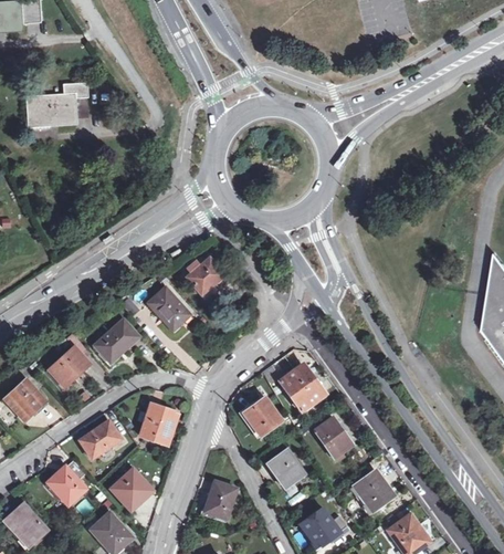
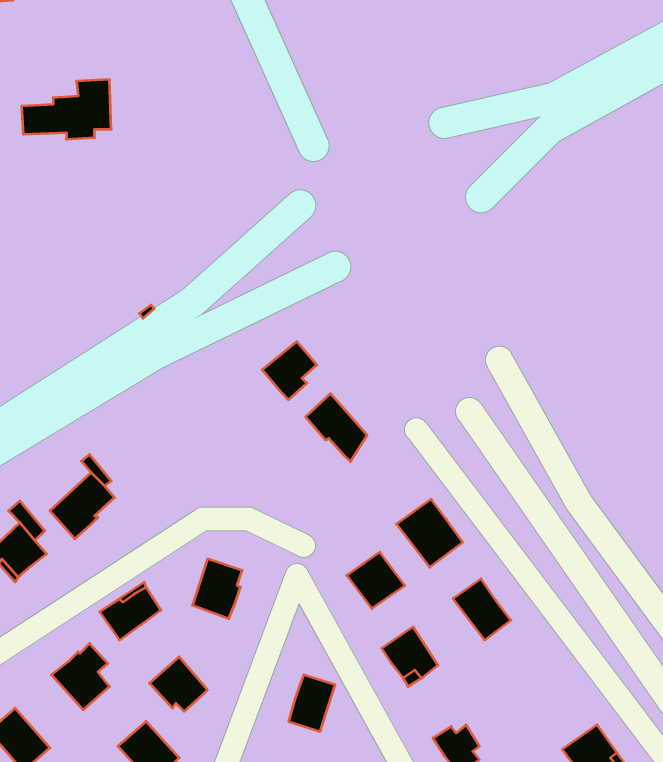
building: [148,288,189,333] -> [306,394,367,462]
building: [92,320,138,366] -> none
building: [354,471,393,512] -> none

